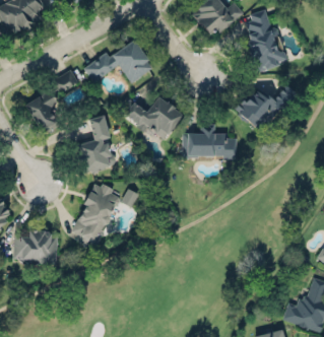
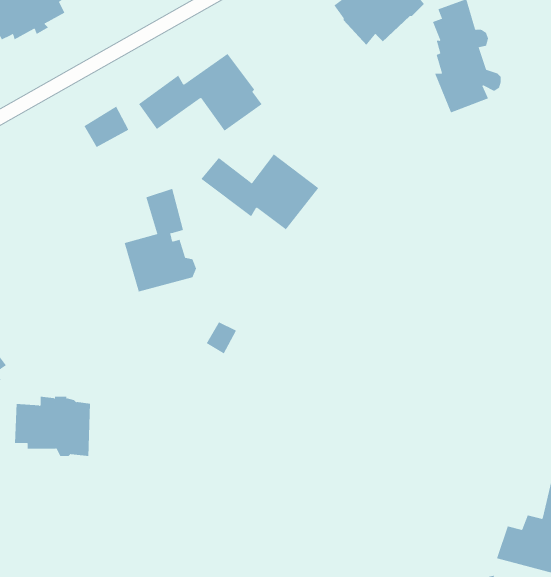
building: [237,84,294,132] -> none
building: [25,88,59,134] -> none
building: [183,124,236,158] -> none
building: [72,183,119,247] -> none

